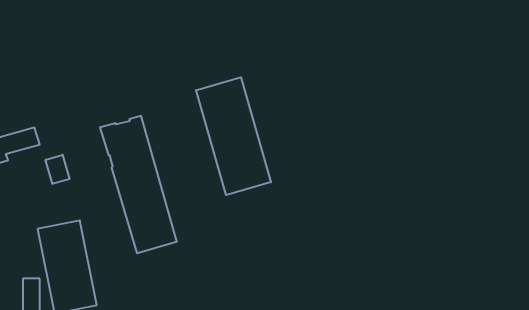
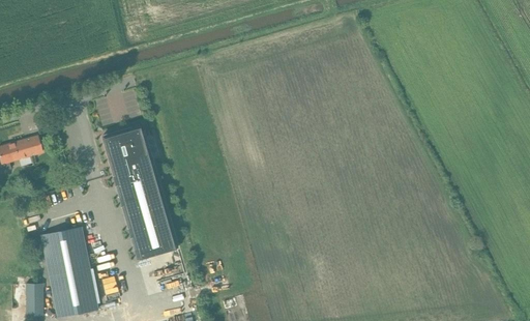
building: [196,77,271,195] -> none
building: [46,155,70,184] -> none

